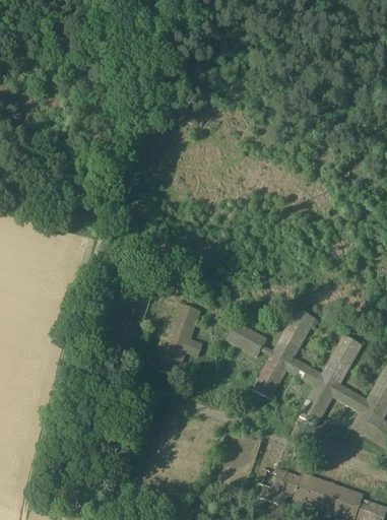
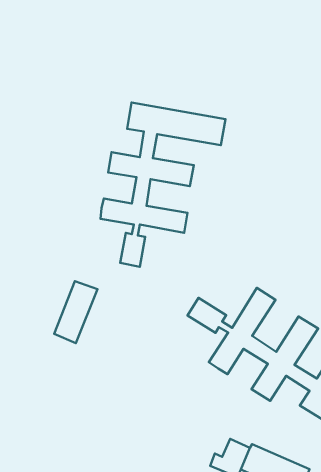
building: none -> [100,103,225,267]
building: [158,304,201,369] -> [54,281,98,343]

